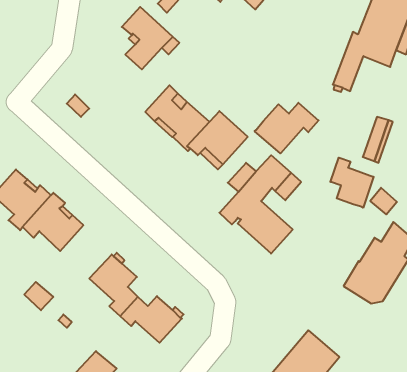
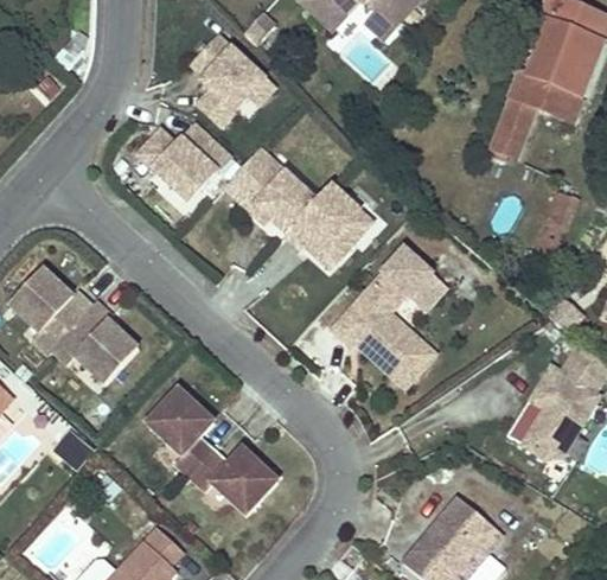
building: none -> [138,123,229,199]
building: [255,103,319,153] -> none
building: [330,158,374,208] -> none

